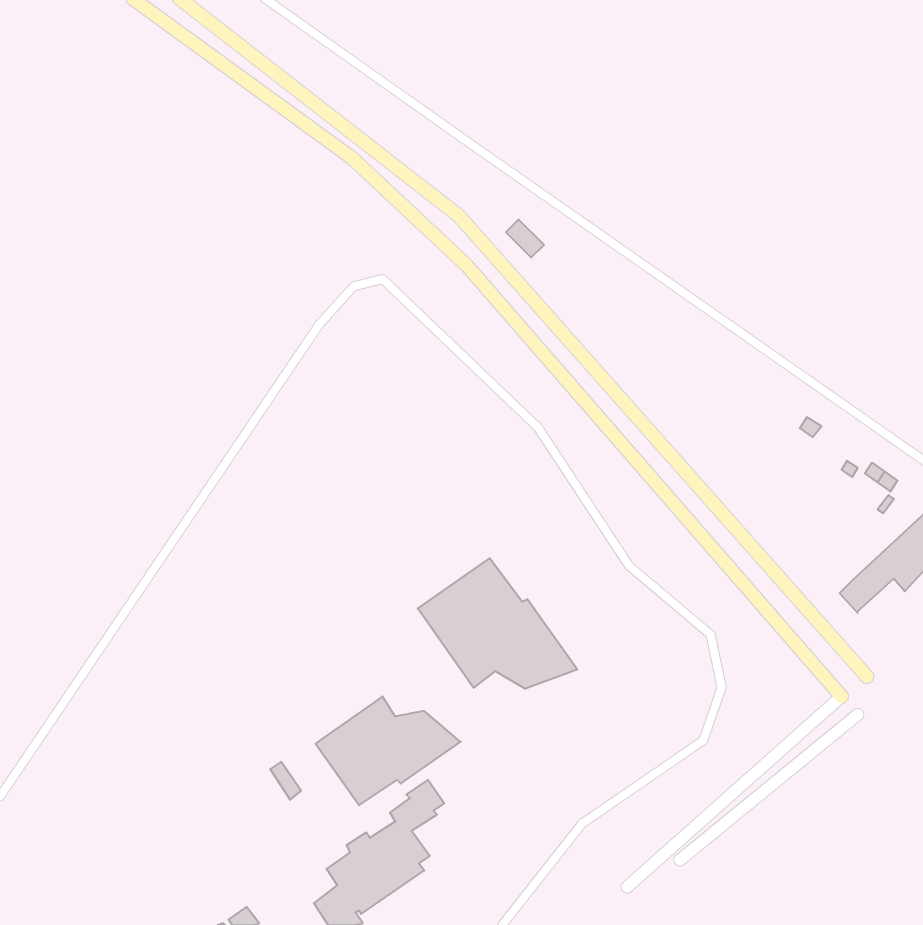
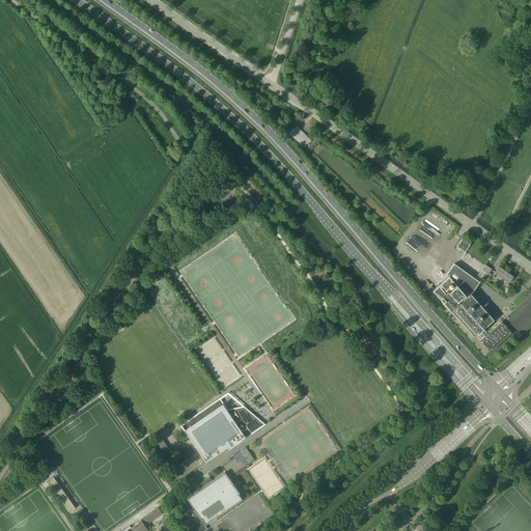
building: none -> [435,262,495,336]
building: [418,558,577,689] -> none

